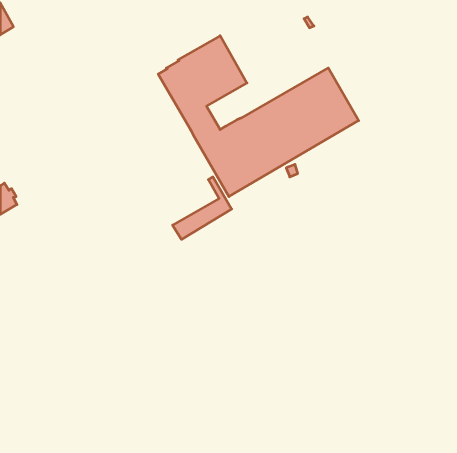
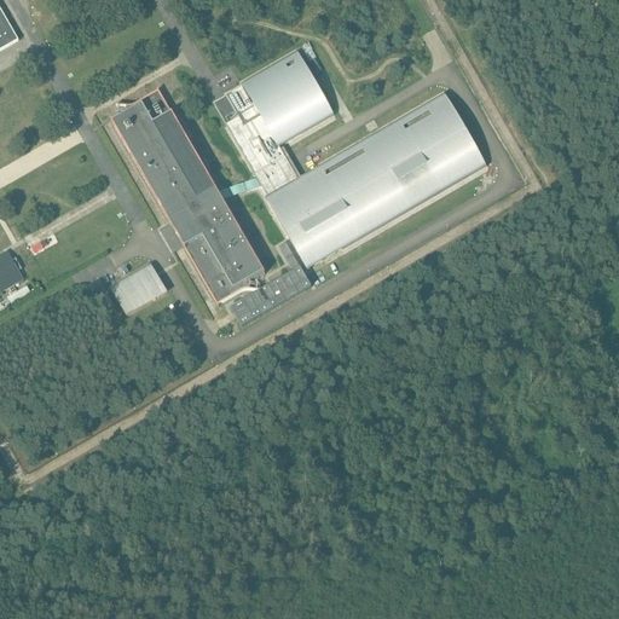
building: none -> [112,87,264,301]
building: none -> [111,264,168,314]

